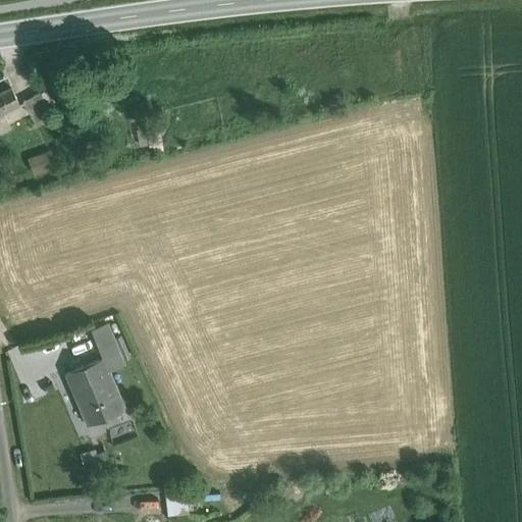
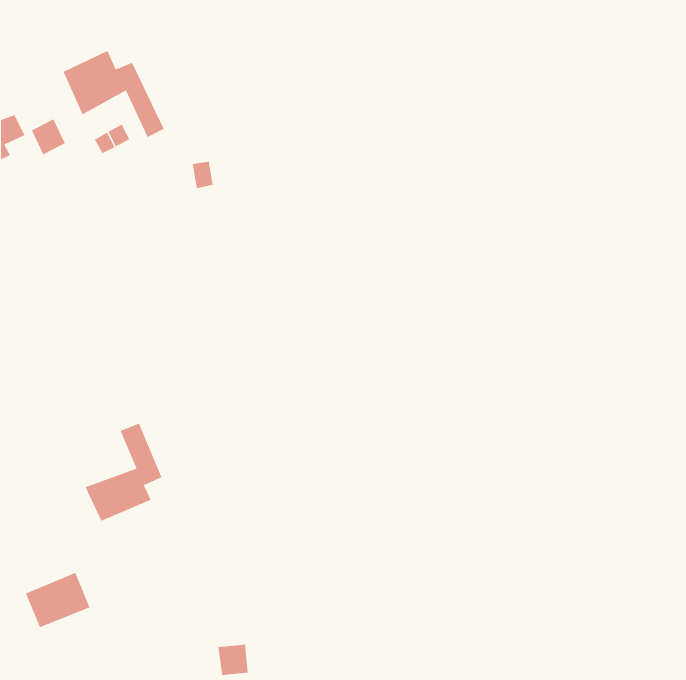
building: none -> [62,50,165,138]
building: [76,384,126,427] -> [25,572,91,628]

